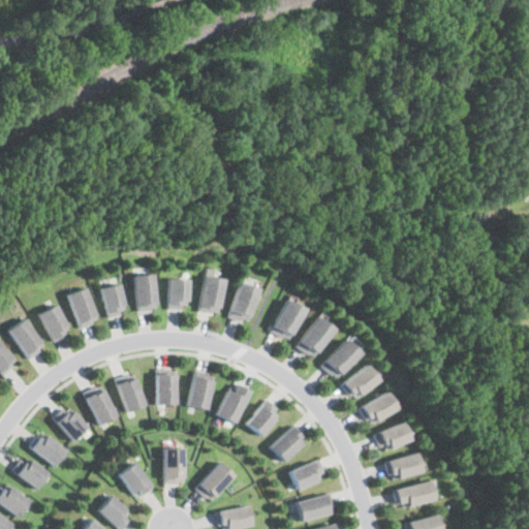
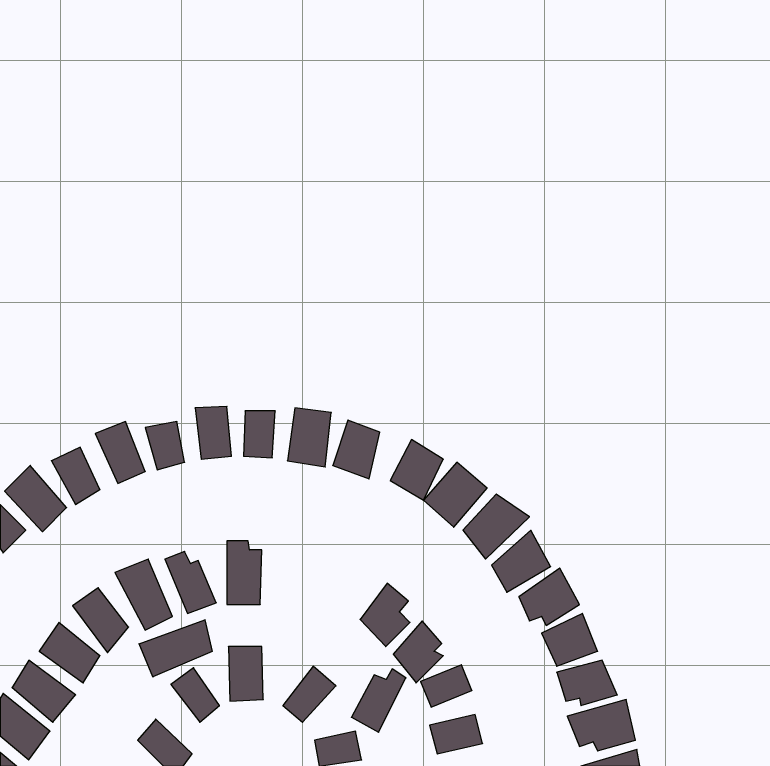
building: [186,372,218,418] -> none
building: [215,385,252,429] -> [351,669,406,732]
building: none -> [139,620,212,677]

